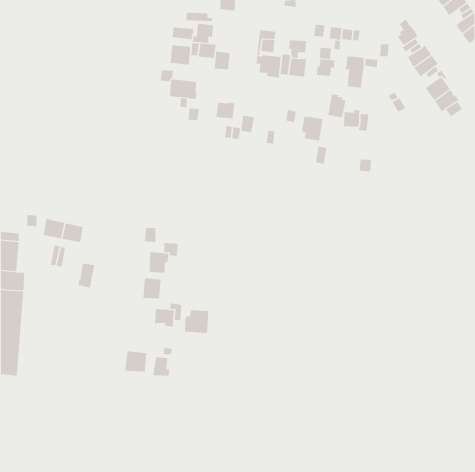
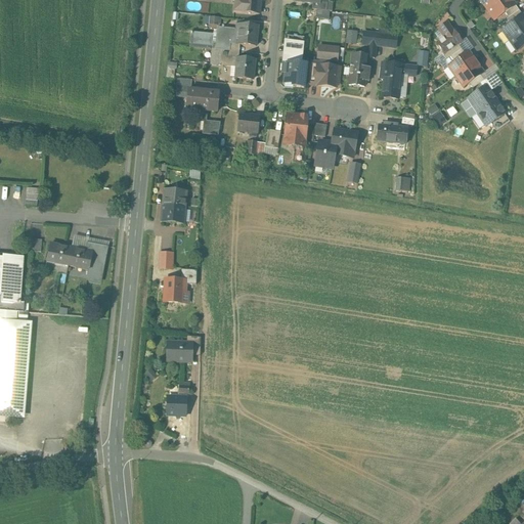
building: [170,45,191,65] -> [234,21,258,44]
building: [328,94,346,118] -> [315,139,336,166]
building: none -> [285,113,307,138]
building: none -> [161,187,186,222]
building: [77,263,95,288] -> [87,250,106,277]
building: [143,277,161,299] -> none
building: [185,310,209,334] -> none
building: [124,350,147,373] -> none

